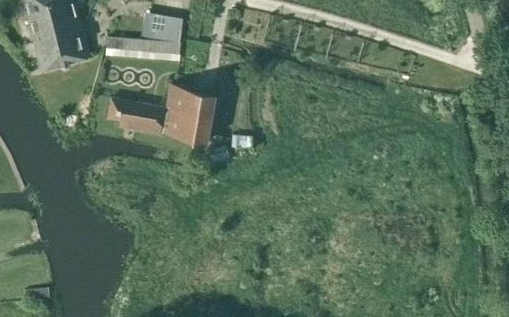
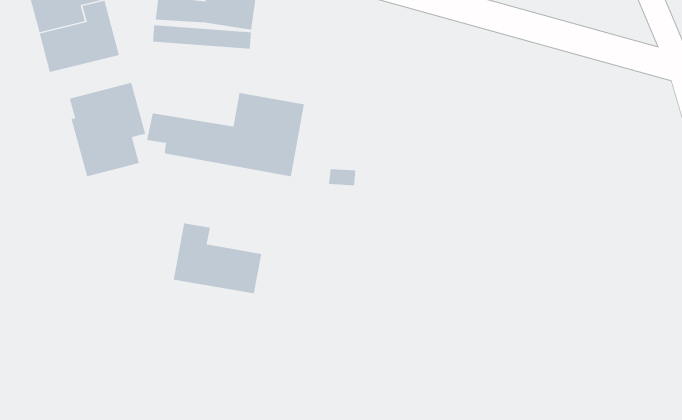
building: none -> [69,82,146,177]
building: none -> [173,223,262,294]

